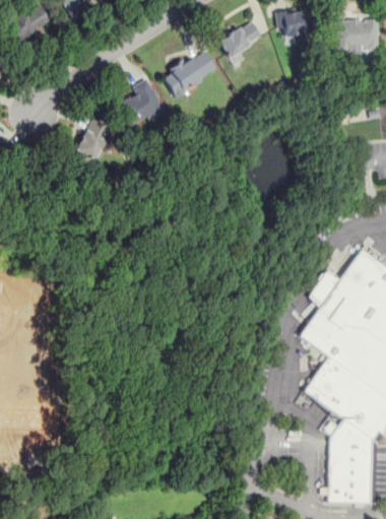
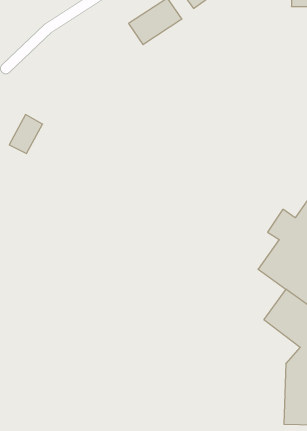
building: [120,78,166,127] -> none
building: [76,118,112,159] -> [9,115,43,154]

